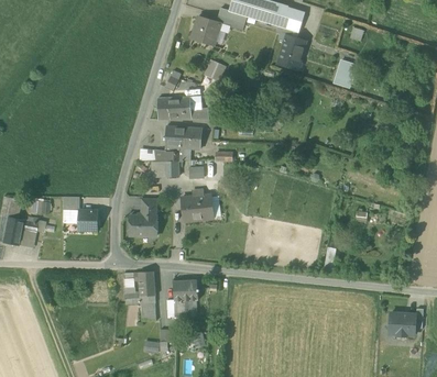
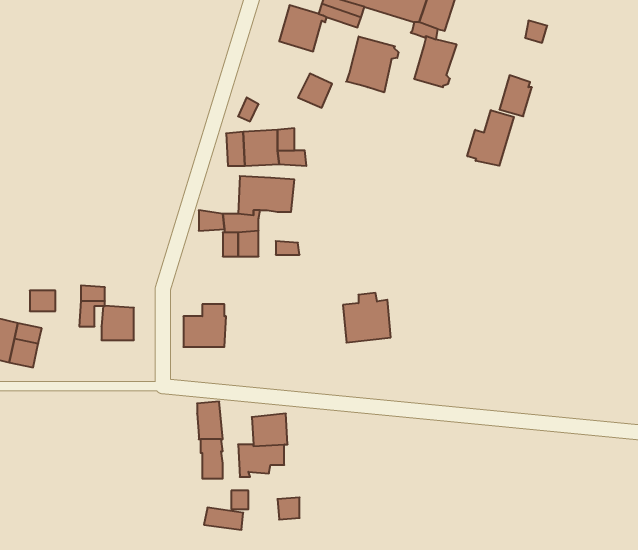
building: none -> [346,36,398,92]
building: none -> [467,110,514,166]
building: [183,189,214,221] -> [343,293,391,343]
building: [385,312,416,336] -> none

